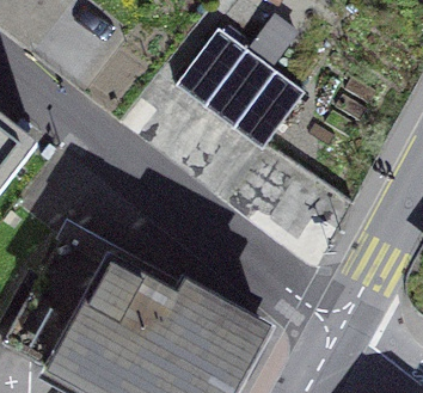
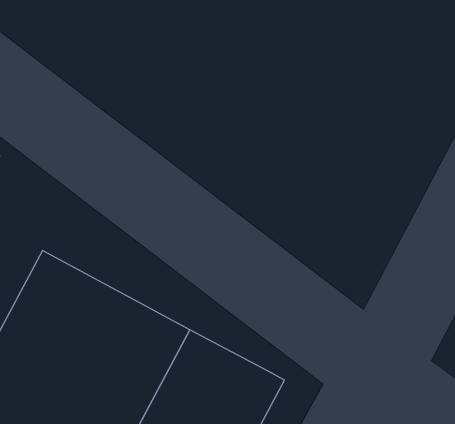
building: [173,27,301,148] -> none

